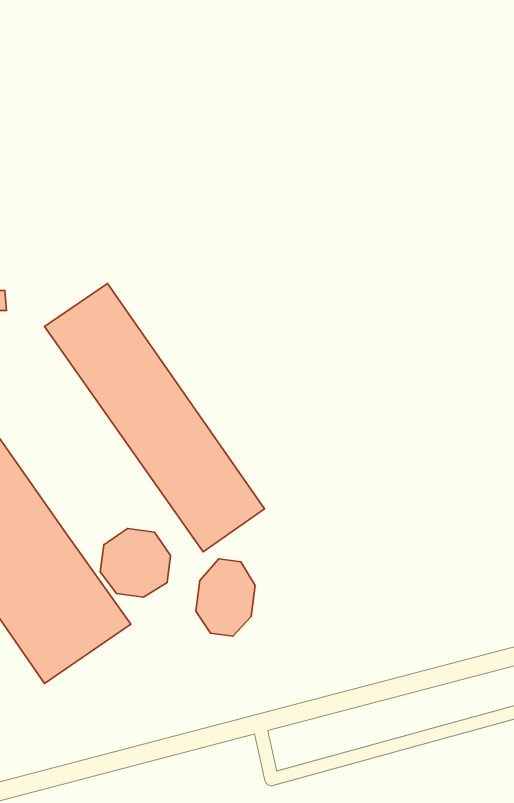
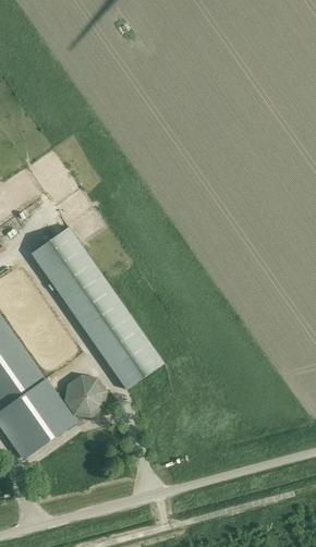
building: [196,559,255,636] -> none

